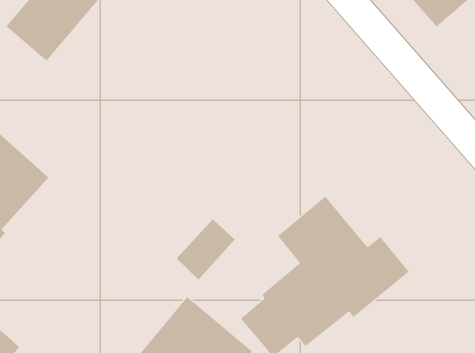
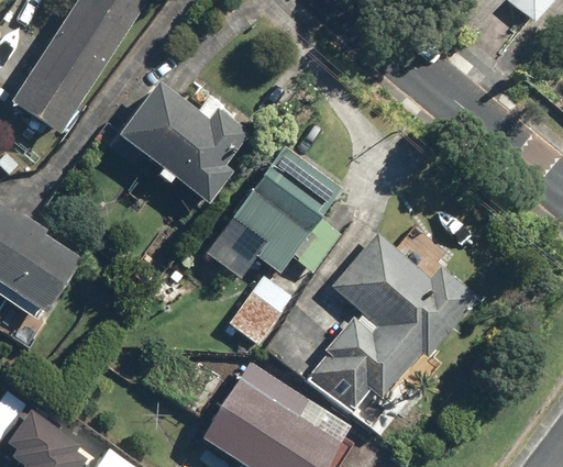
building: none -> [118,81,249,200]
building: none -> [208,148,342,277]

